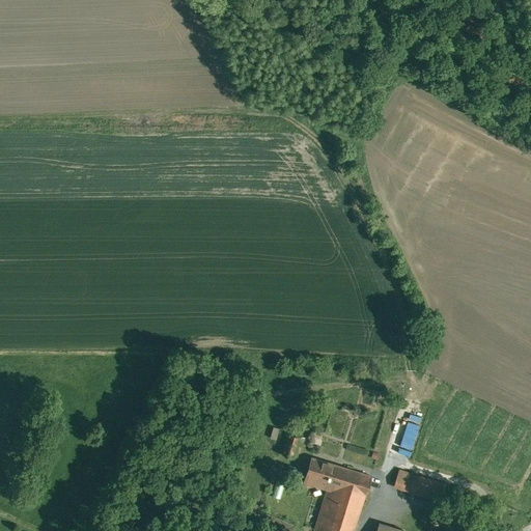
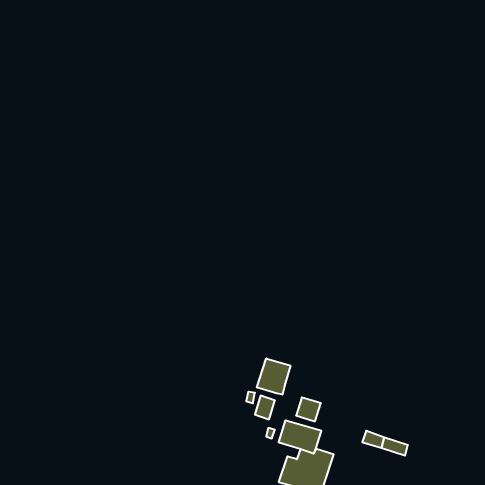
building: none -> [257,358,290,395]
building: [345,471,372,497] -> [296,397,321,421]

